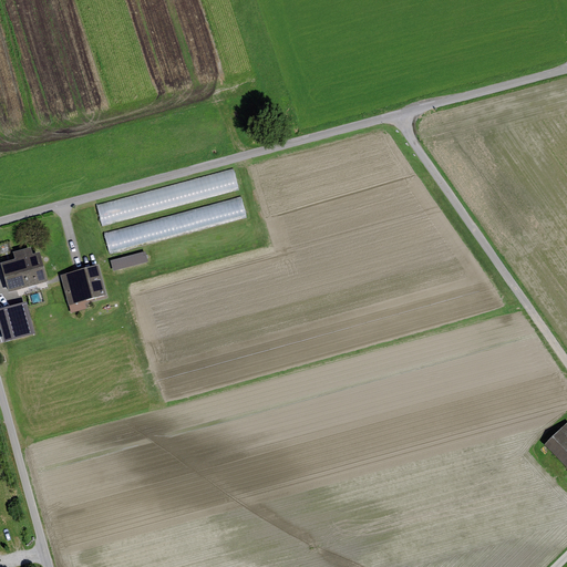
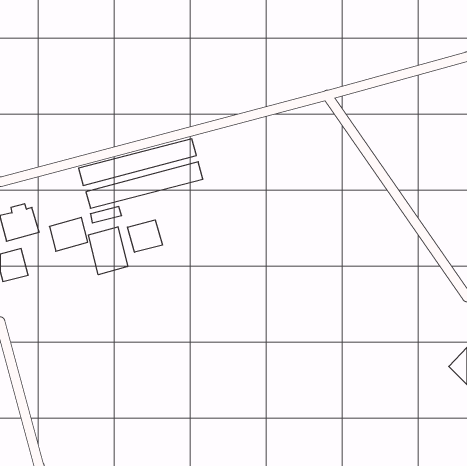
building: none -> [127,220,162,252]
building: none -> [88,227,128,275]

